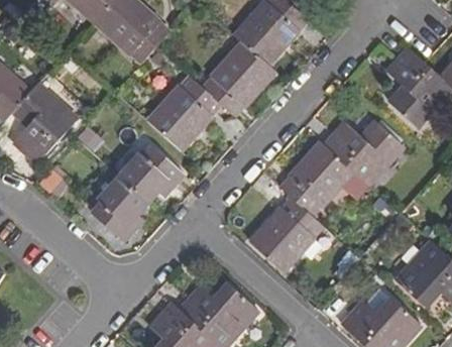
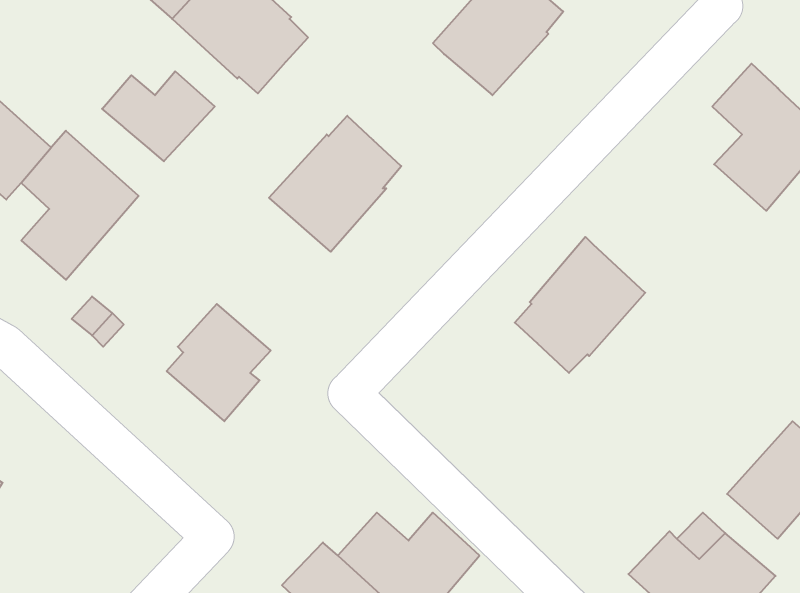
building: [203,41,274,114] -> none
building: none -> [102,71,215,161]
building: [322,119,402,184] -> none
building: [118,145,183,202] -> none
building: [248,198,321,271] -> none

